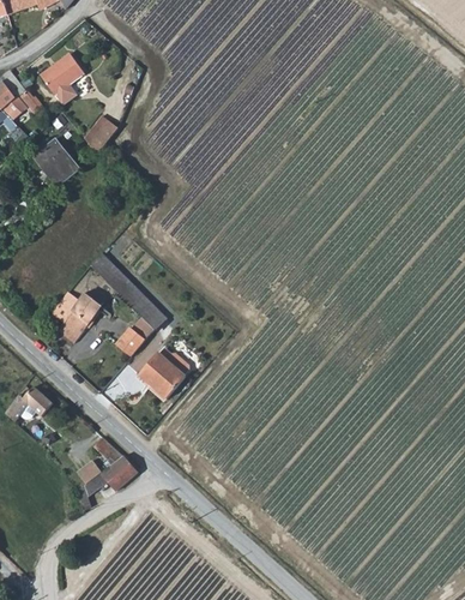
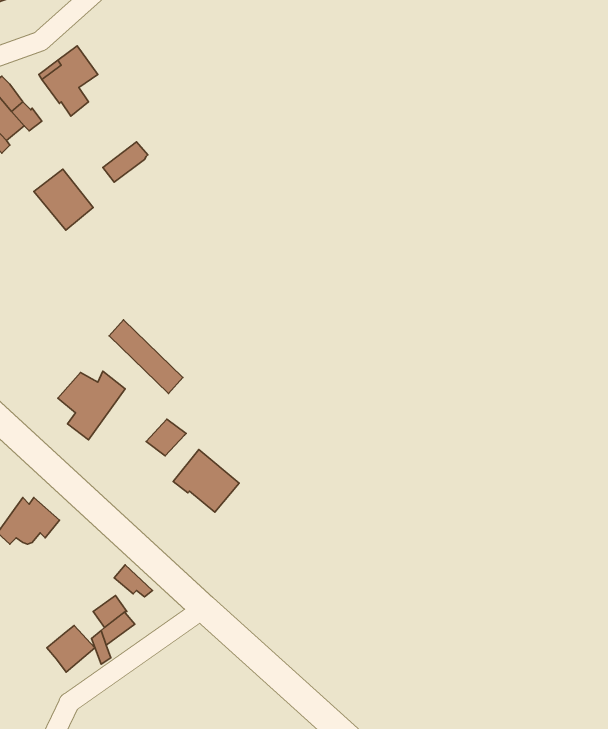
building: [133,295,167,328] -> none
building: [101,455,137,490] -> [47,626,95,672]

